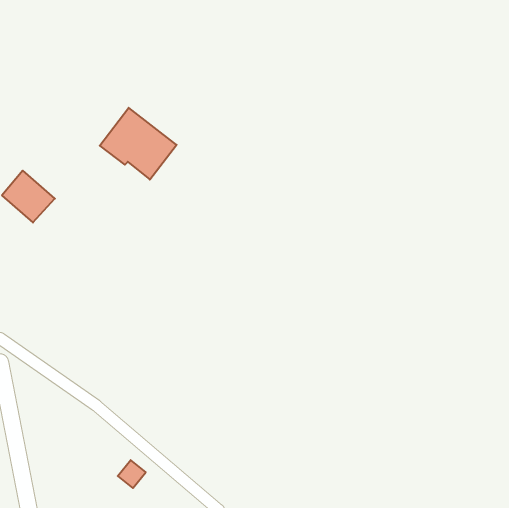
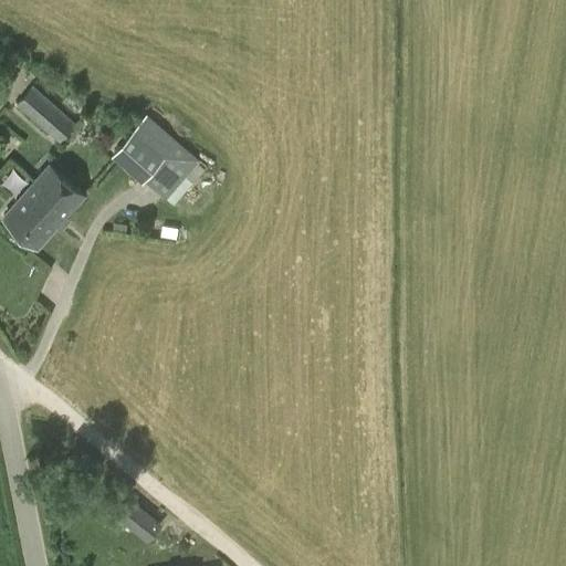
building: none -> [17,86,76,144]
building: none -> [27,165,85,222]

